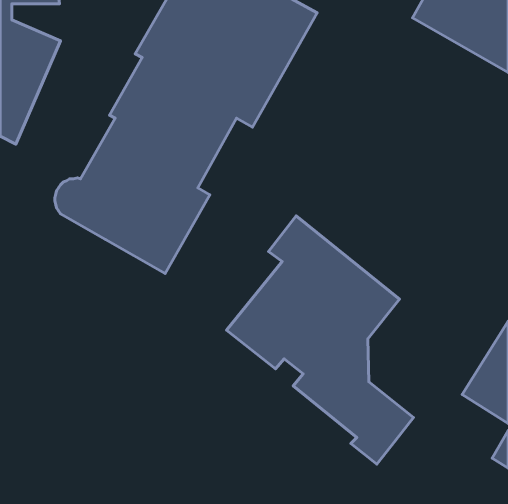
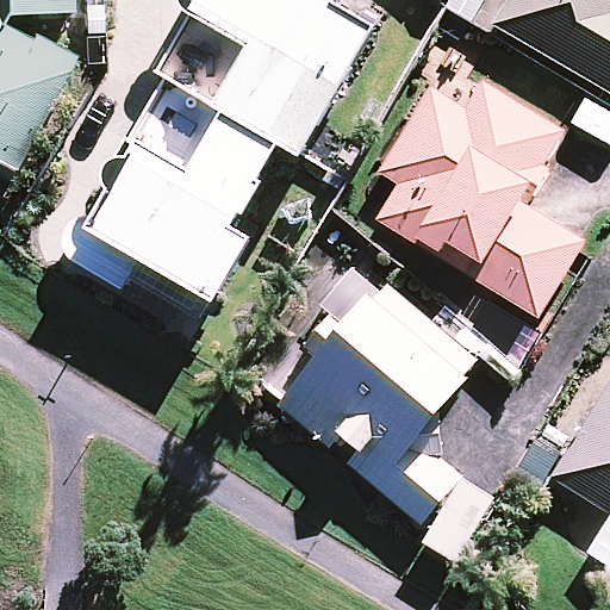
building: none -> [376,81,583,312]

